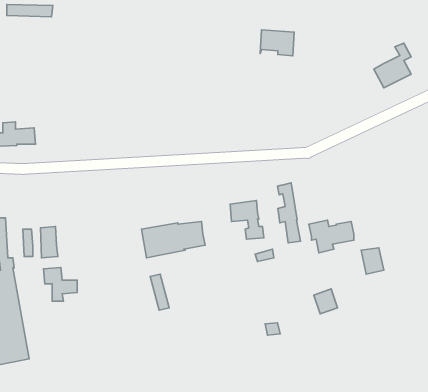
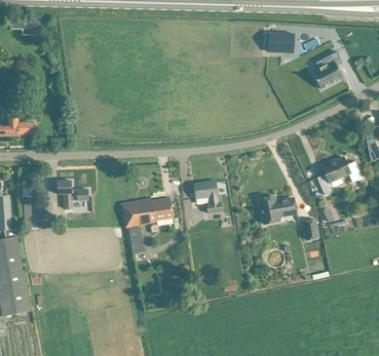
building: [260,30,294,56] -> [267,31,295,52]
building: none -> [317,156,350,194]
building: [278,183,300,243] -> none
building: [43,268,77,301] -> [56,180,84,207]

